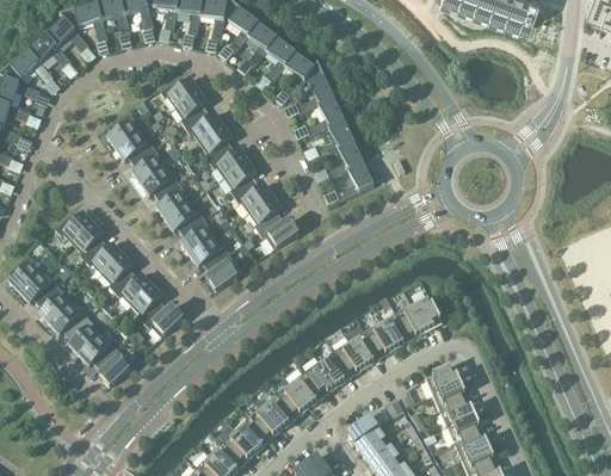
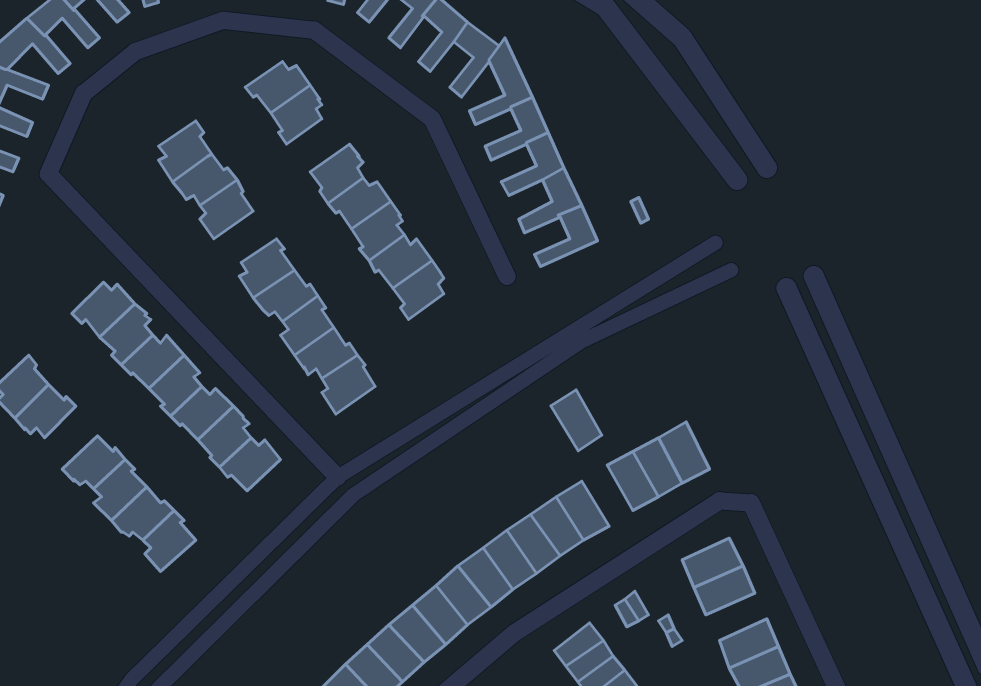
building: [185,110,223,142] -> none
building: [141,166,179,197] -> none
building: [259,216,297,247] -> none
building: [38,284,70,322] -> none
building: [364,320,395,357] -> [551,390,602,451]
building: [439,397,476,426] -> none

